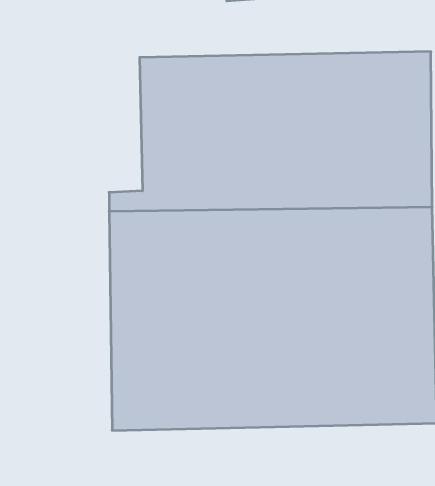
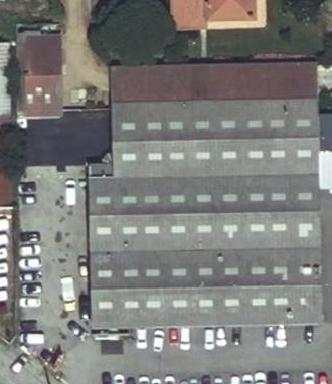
building: none -> [20,32,62,106]

